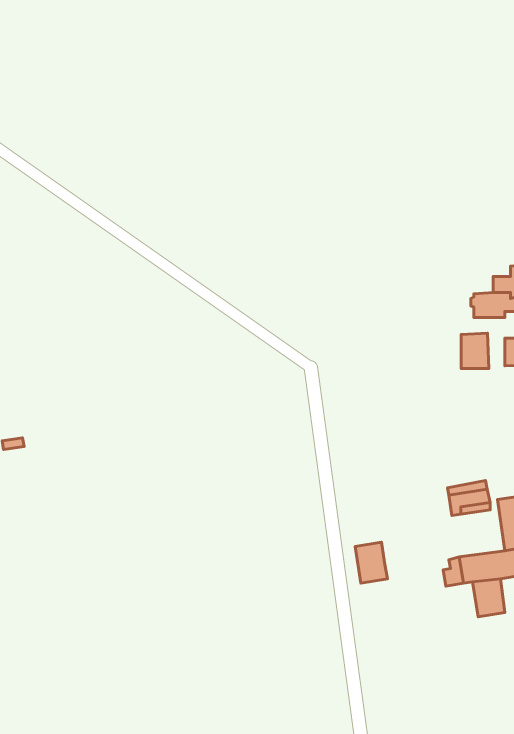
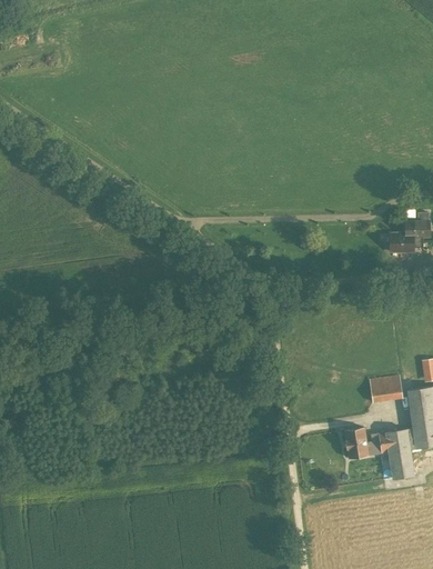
building: [461,333,489,369] -> none
building: [355,542,387,583] -> [344,428,369,459]

